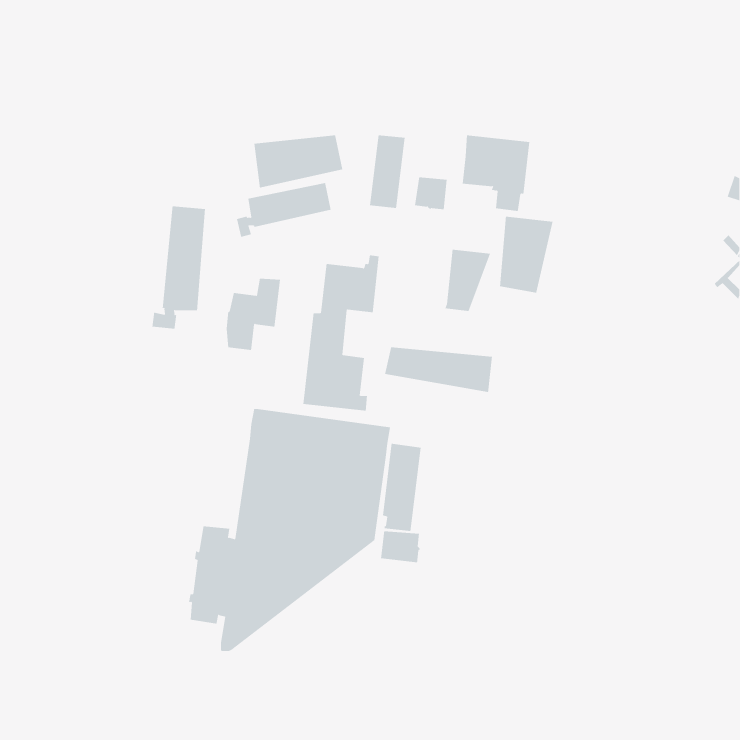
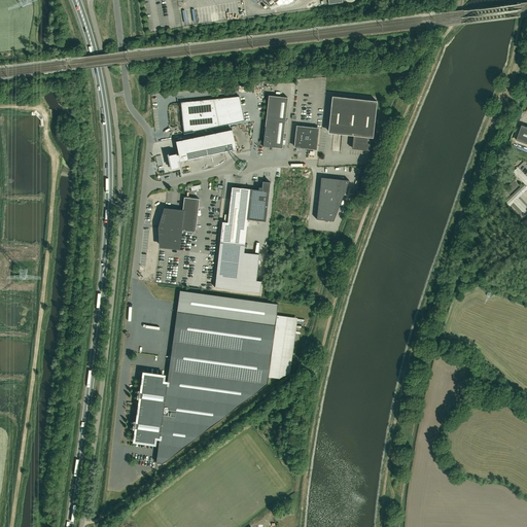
building: [152,206,206,330] -> none
building: [500,216,553,293] -> none
building: [384,346,492,393] -> none
building: [380,530,421,563] -> none

